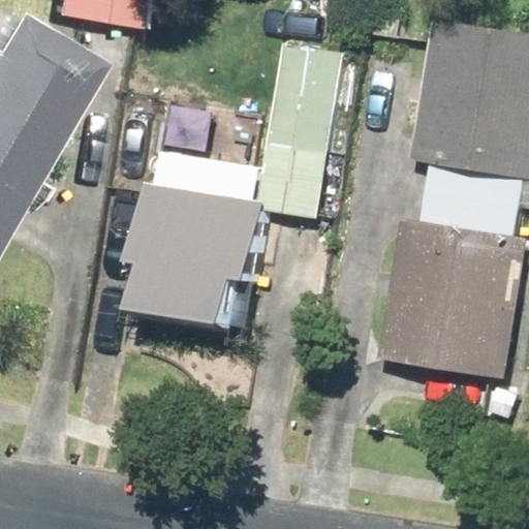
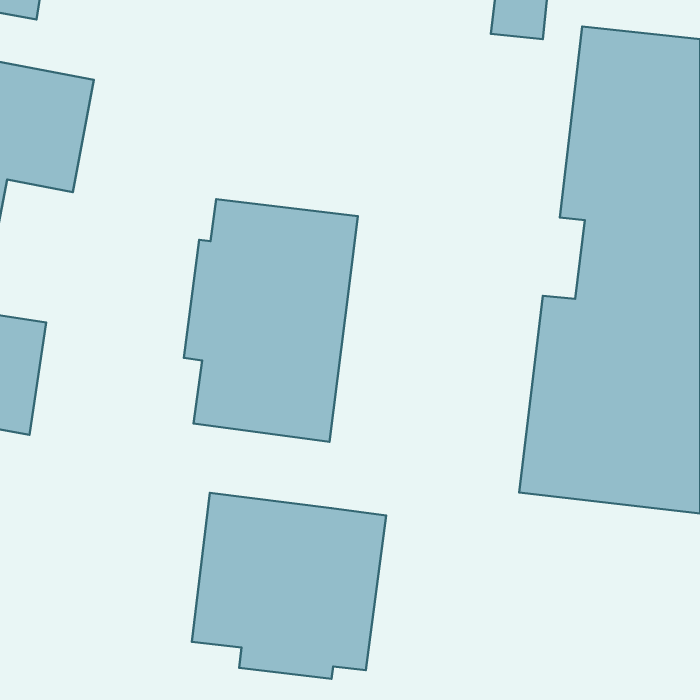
building: [257,35,348,219] -> none
building: none -> [192,493,386,679]

